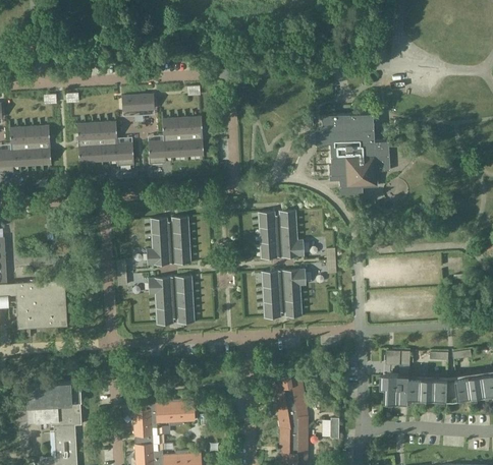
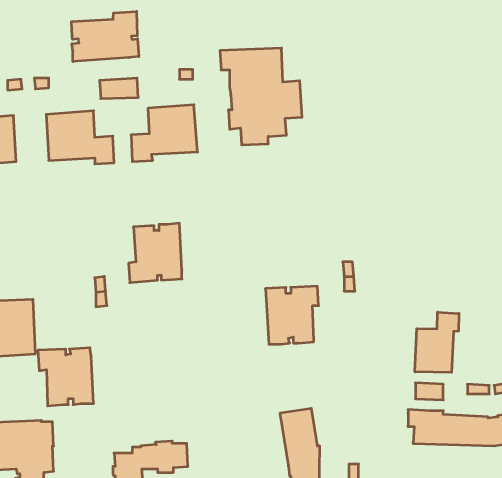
building: none -> [72,11,139,62]
building: [321,114,390,195] -> [220,48,302,145]
building: [257,211,304,259] -> none
building: [148,277,195,326] -> [38,348,94,406]
building: none -> [415,312,459,372]

